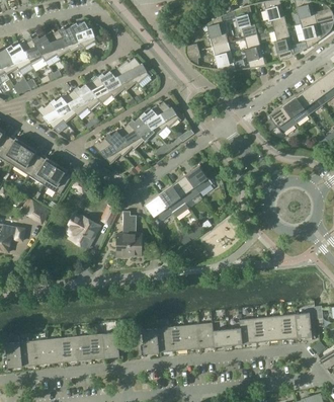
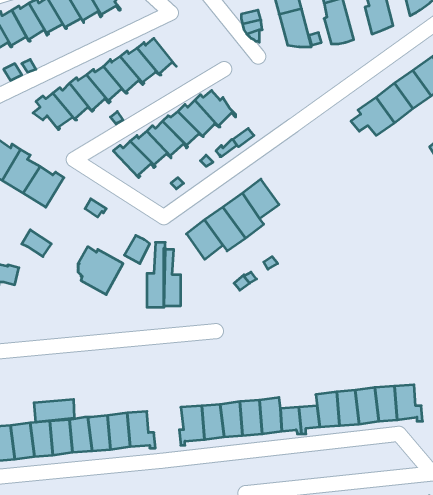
building: [121,58,152,84] -> none
building: [44,164,71,195] -> none
building: none -> [34,399,74,422]

